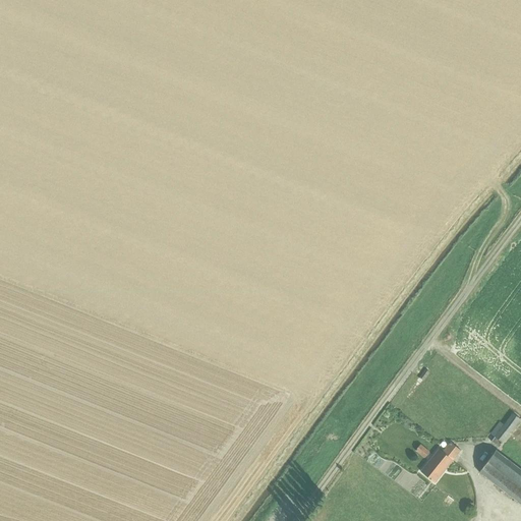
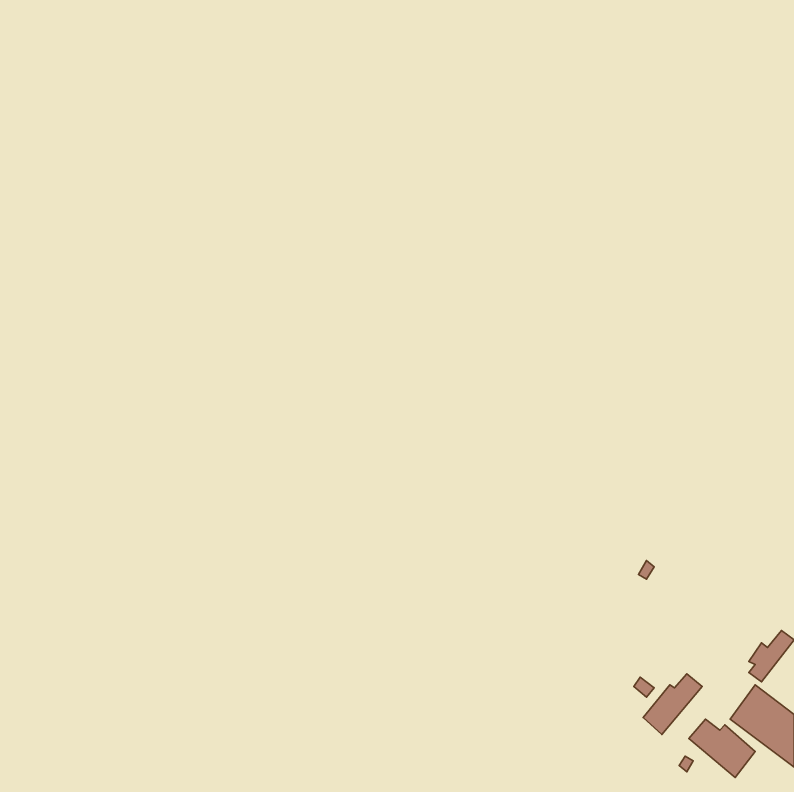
building: none -> [689,719,755,777]

